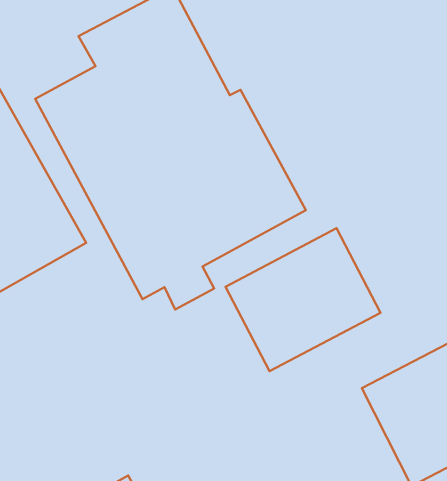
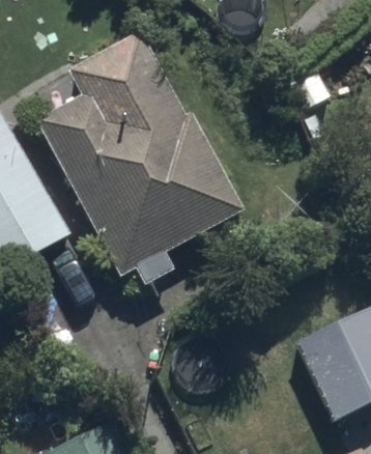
building: [226,228,380,371] -> none

